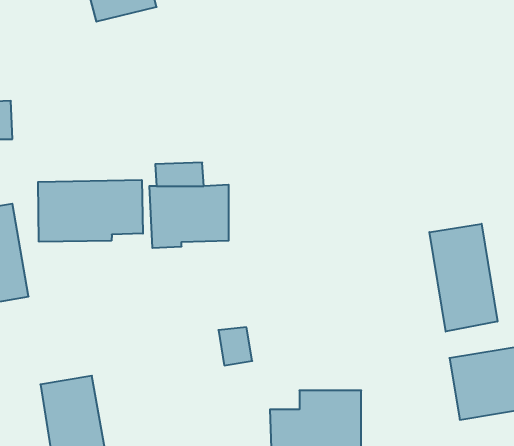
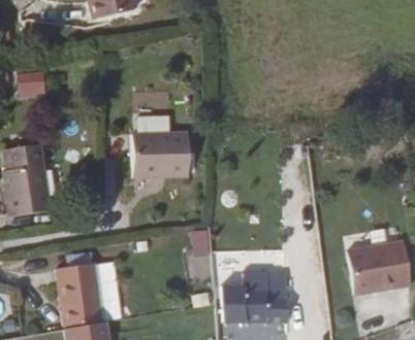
building: [38,180,143,242] -> none
building: [429,224,497,332] -> none

